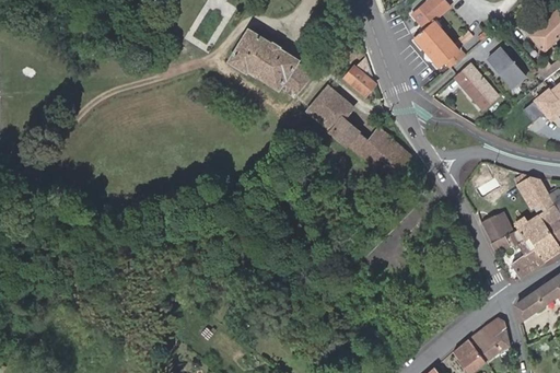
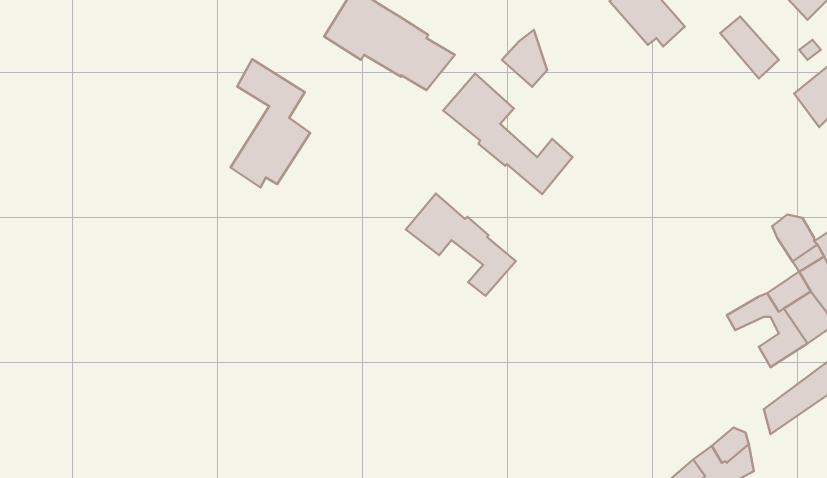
building: [455,65,498,109] -> none
building: none -> [230,59,310,187]
building: [371,140,409,179] -> none
building: none -> [406,193,516,296]
building: [481,211,512,243] -> none

